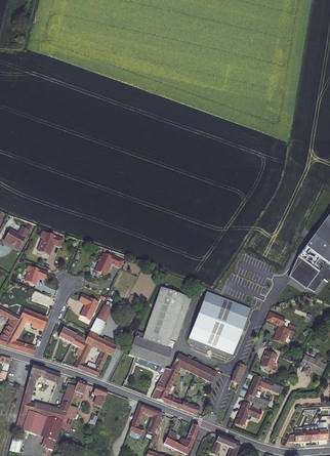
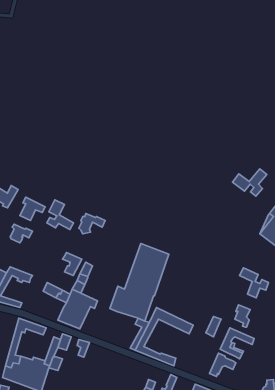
building: none -> [233,169,267,196]
building: none -> [47,200,73,230]
building: [189,291,251,359] -> none
building: [129,403,163,434] -> none

